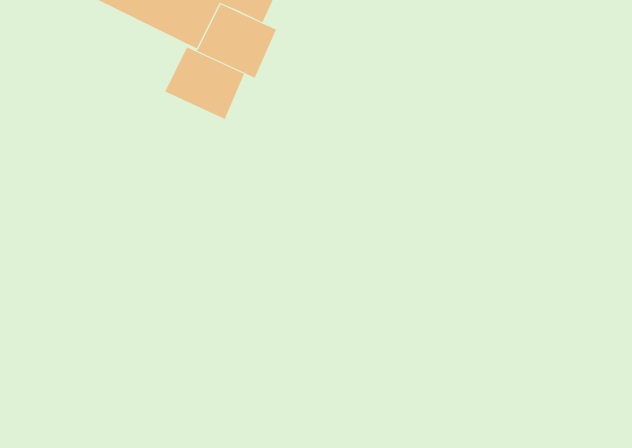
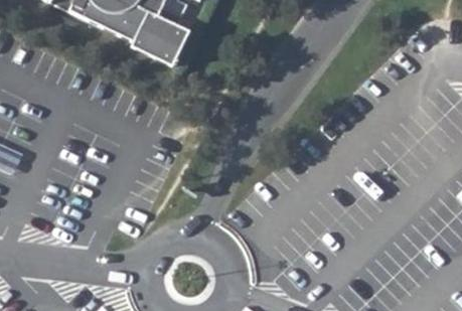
building: [165,47,245,120] -> none

